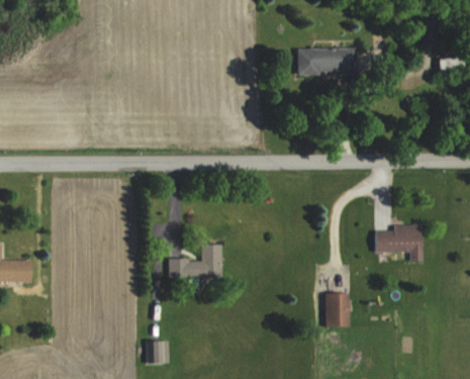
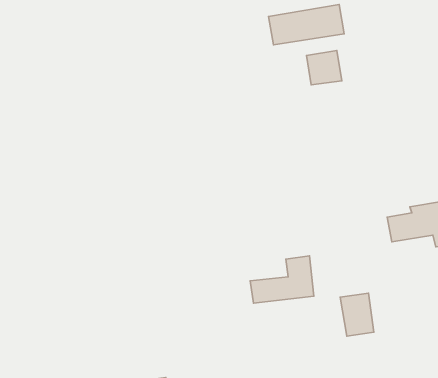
building: none -> [306,50,342,85]
building: [169,245,221,279] -> [250,256,314,303]

